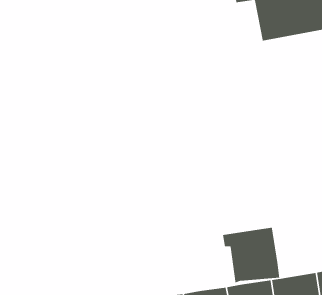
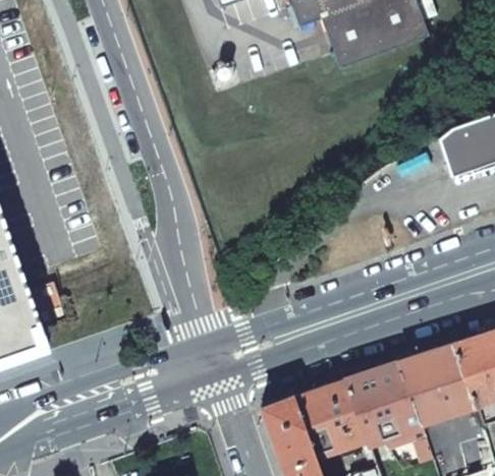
building: [222,227,280,283] -> none

